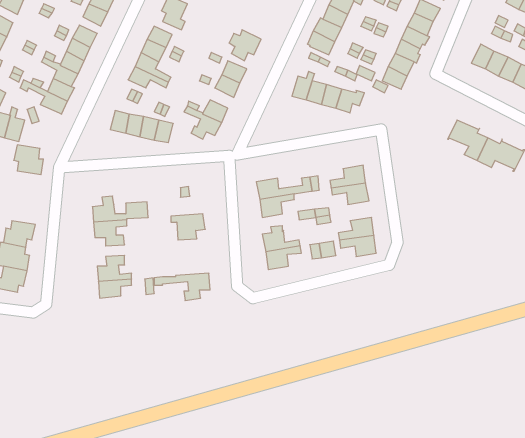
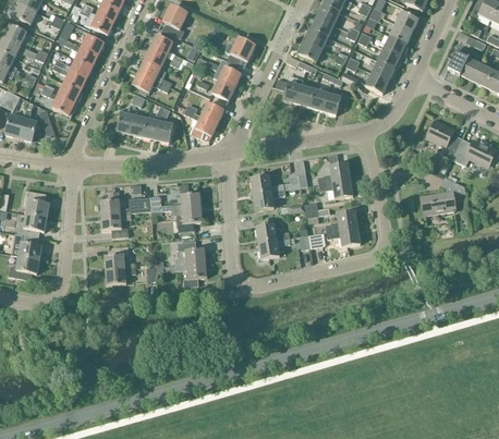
building: [14,145,43,175] -> [22,190,49,217]
building: none -> [421,175,465,216]
building: none -> [149,193,200,210]
building: none -> [175,241,206,264]

